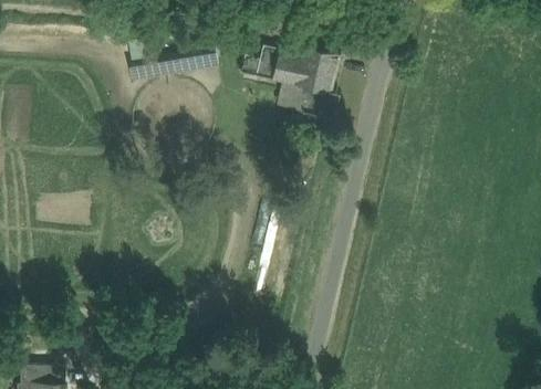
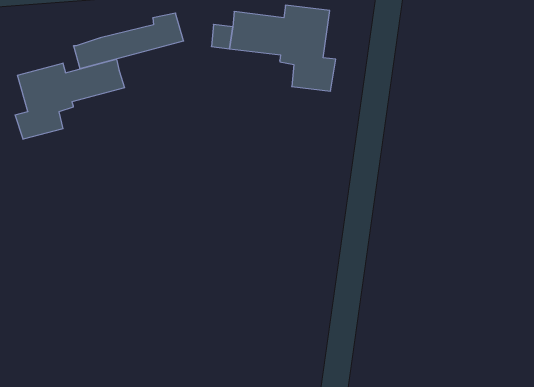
building: none -> [15,59,124,139]

